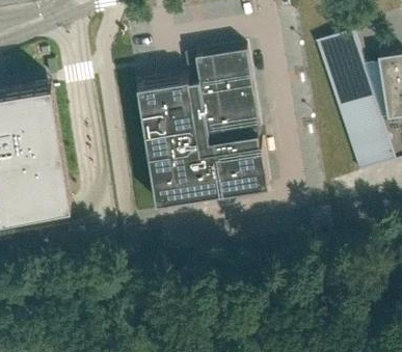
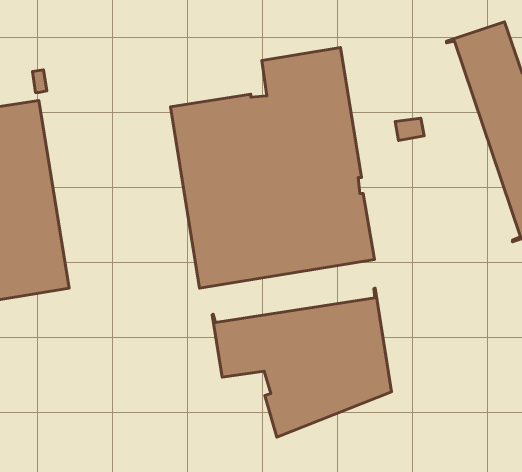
building: none -> [212,288,392,437]

